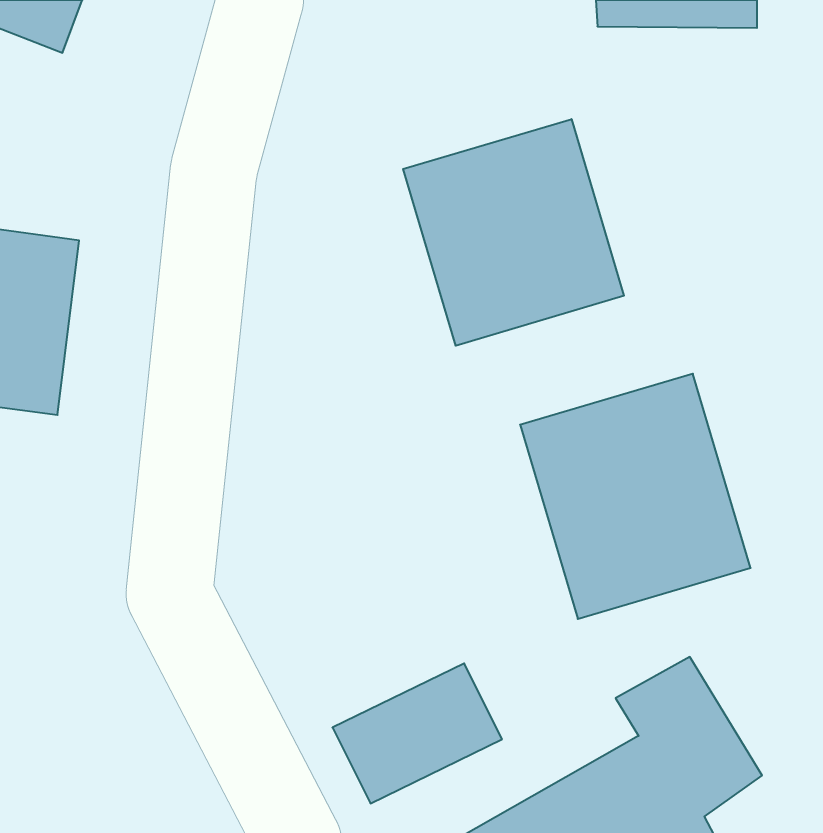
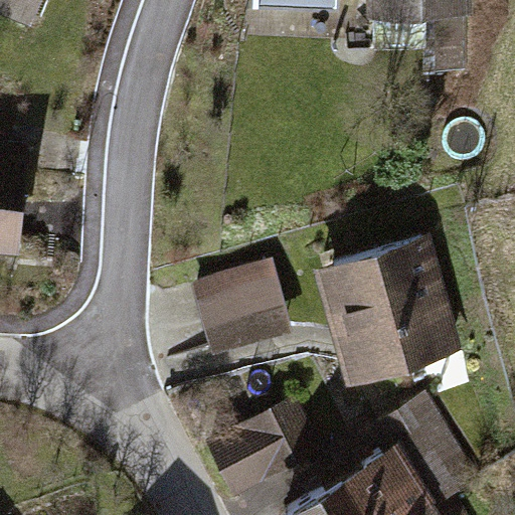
building: [403,119,624,346] -> none
building: none -> [190,272,276,350]

